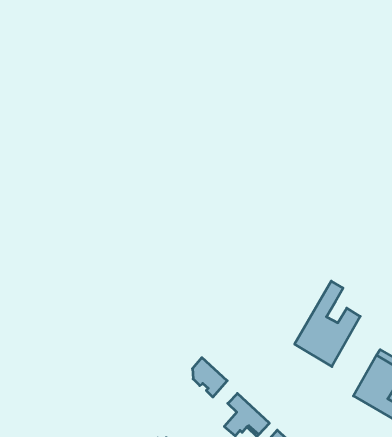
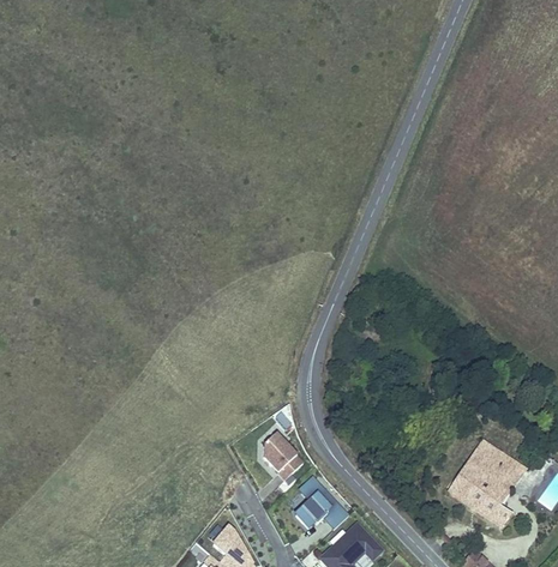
building: [295,281,360,367] -> none

